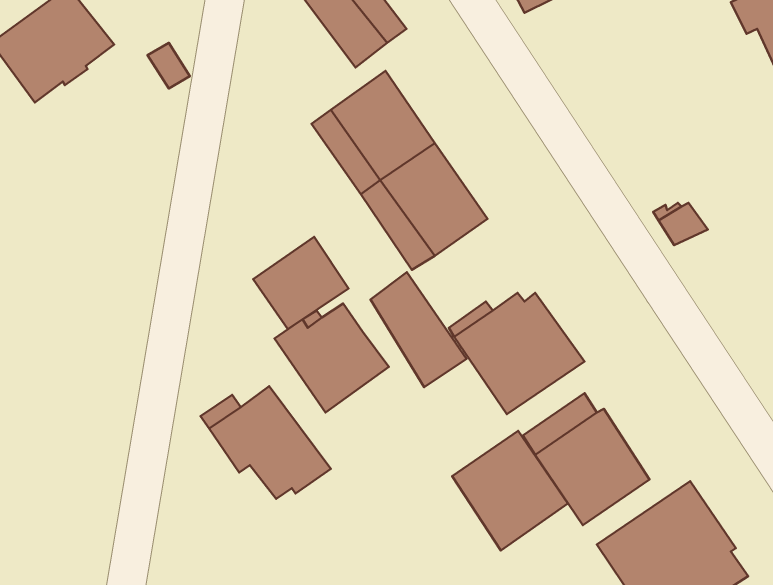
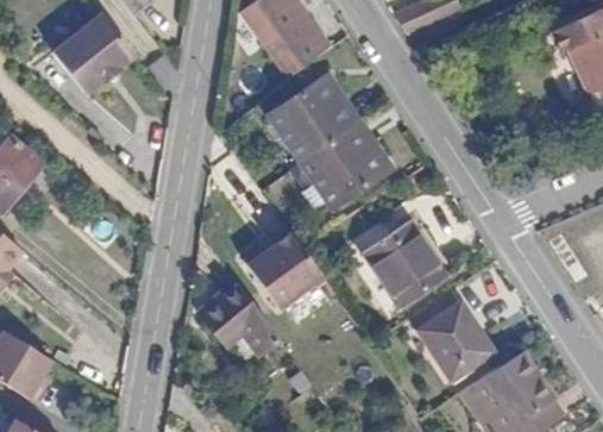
building: [253,237,348,329] -> none
building: [371,272,467,387] -> none
building: [452,431,568,550] -> none

